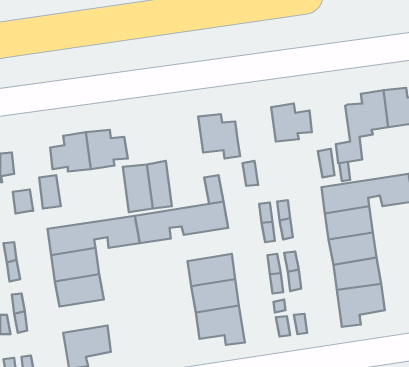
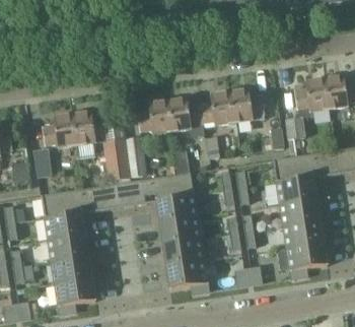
building: none -> [200,91,234,124]
building: none -> [138,100,172,133]
building: none -> [156,194,197,222]
building: none -> [51,255,91,283]

